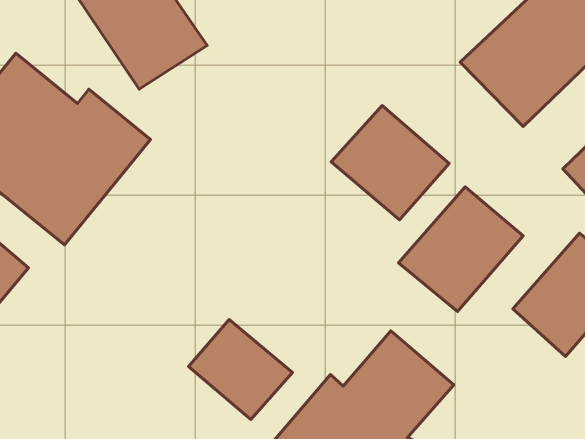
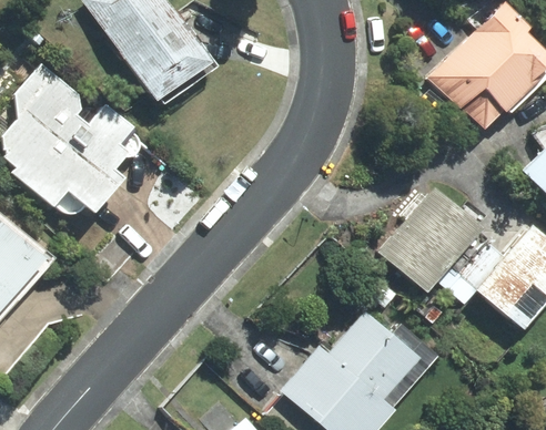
building: [331,105,449,220] -> none
building: [189,320,293,419] -> none

